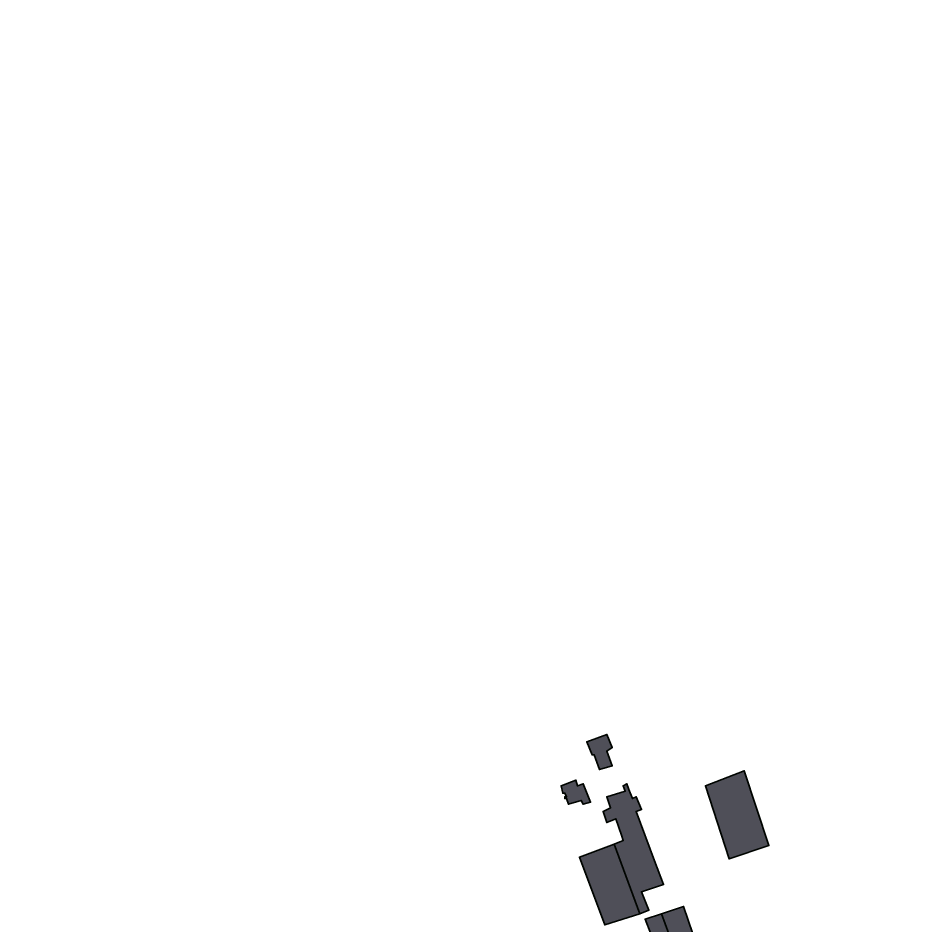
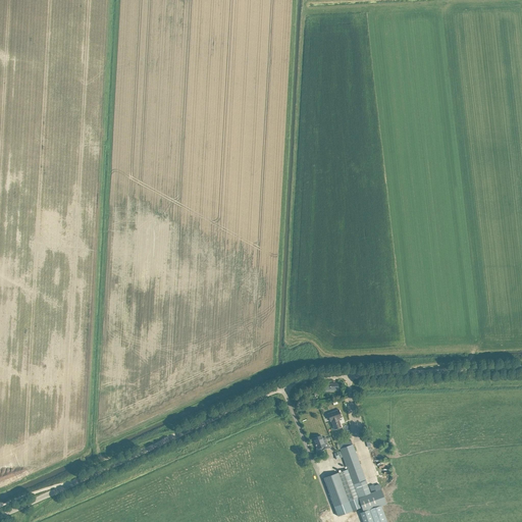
building: [705,771,769,859] -> none

